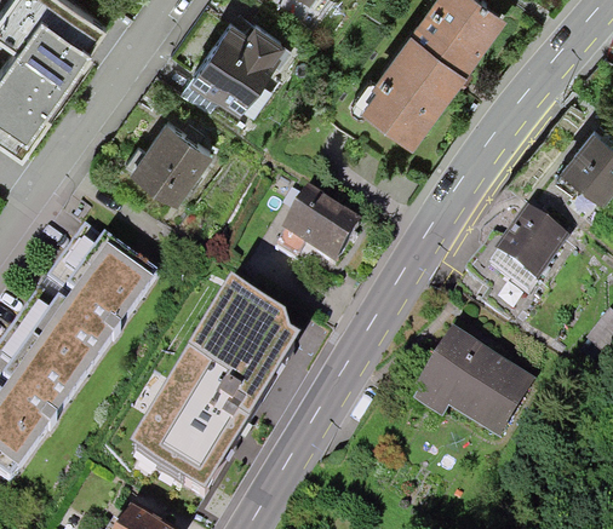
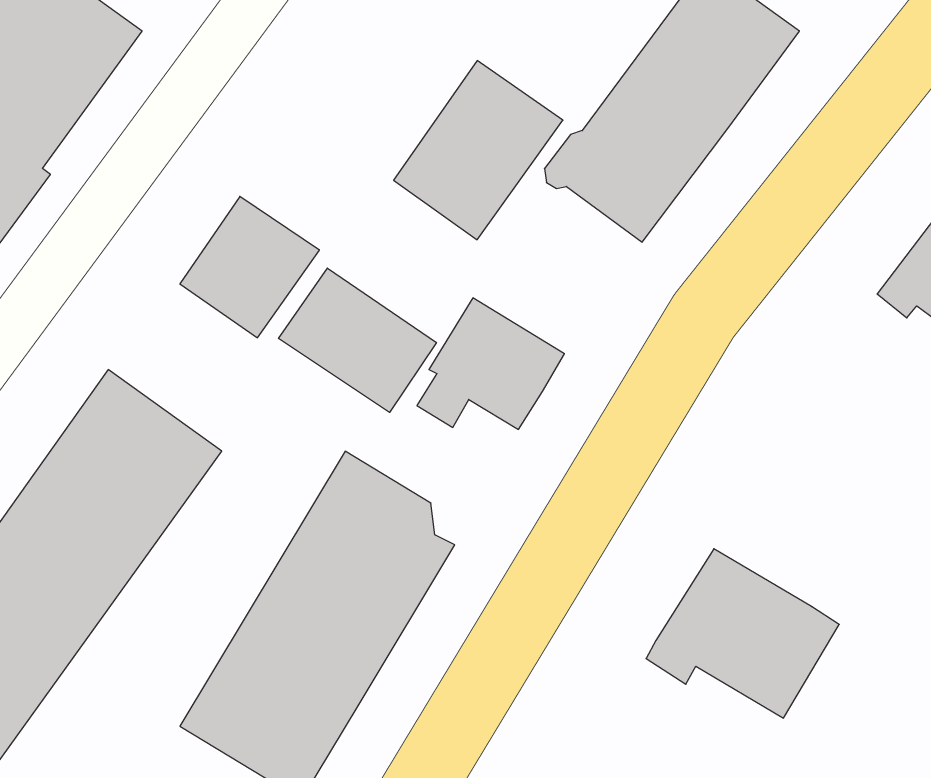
building: [188,8,291,117] -> [394,61,563,240]
building: none -> [279,268,436,412]
building: [488,208,567,292] -> none

